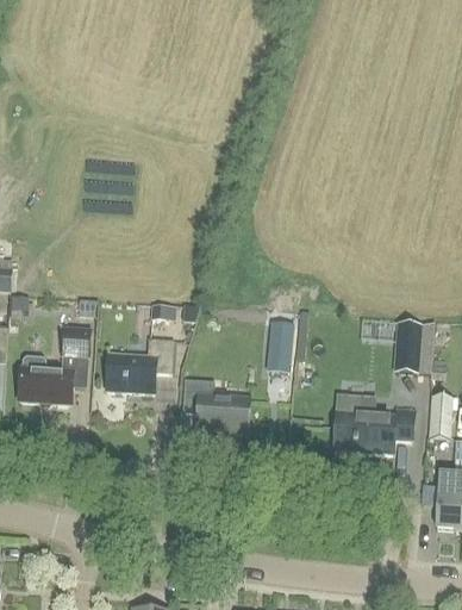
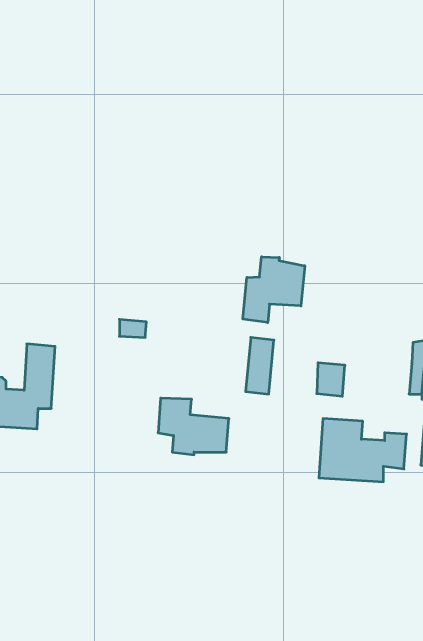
building: none -> [243,257,305,323]
building: [106,338,174,391] -> none
building: [394,341,420,372] -> [317,363,345,396]

